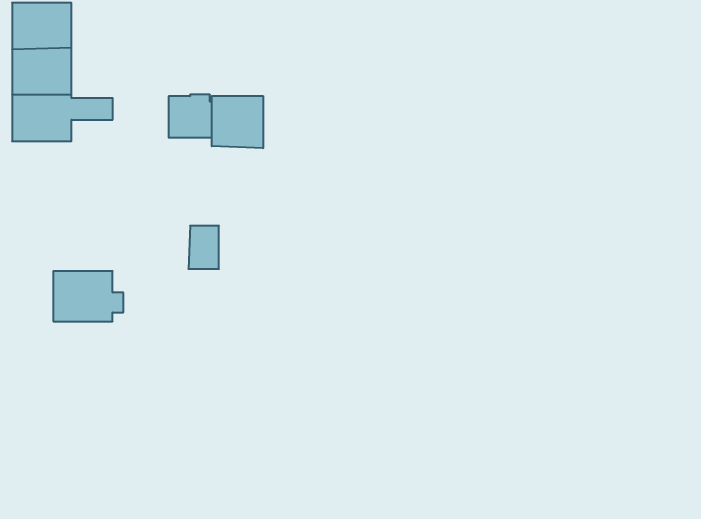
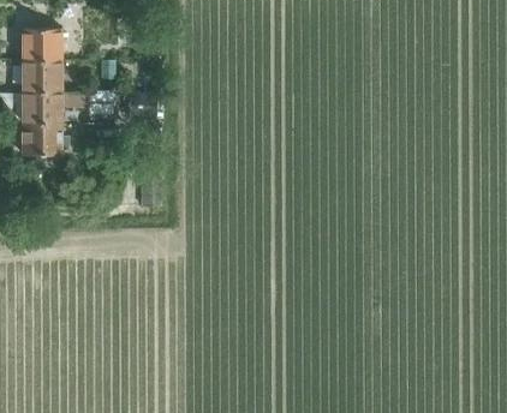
building: [212,96,263,148] -> none
building: [53,271,123,321] -> [22,120,68,154]

